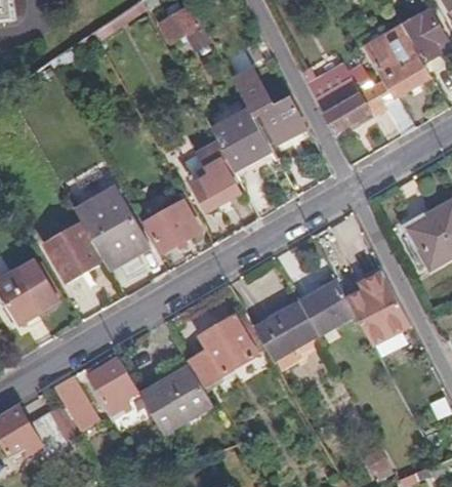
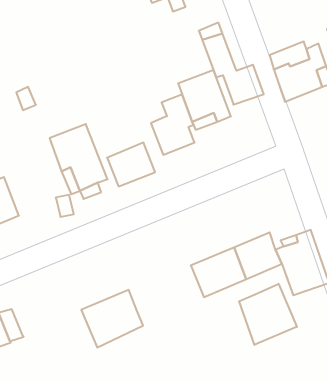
building: [44,221,101,283] -> none
building: [187,316,258,387] -> none
building: none -> [239,284,297,345]
building: [88,357,137,413] -> none
building: [52,375,98,433] -> none

